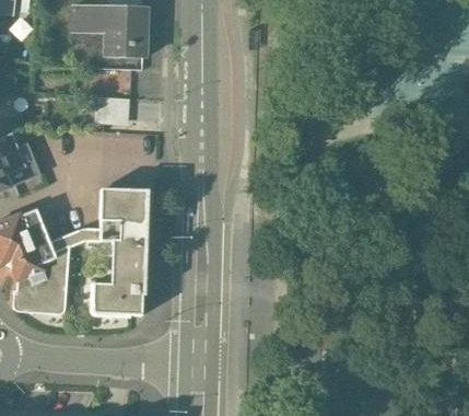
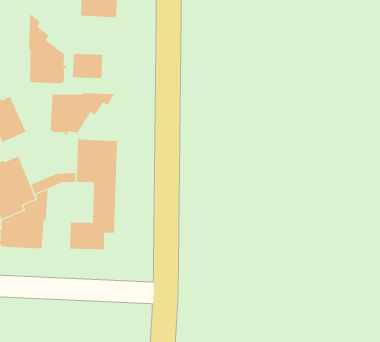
building: none -> [28,13,66,84]
building: none -> [50,92,115,135]

